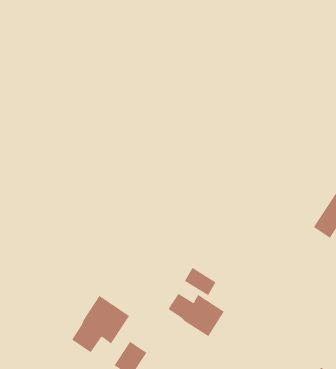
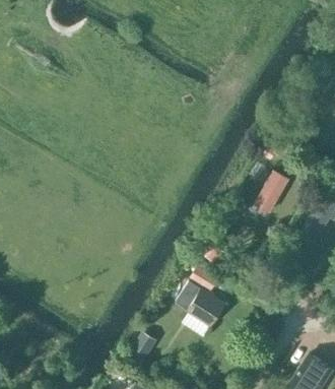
building: none -> [254,169,290,213]
building: [71,295,130,353] -> none

